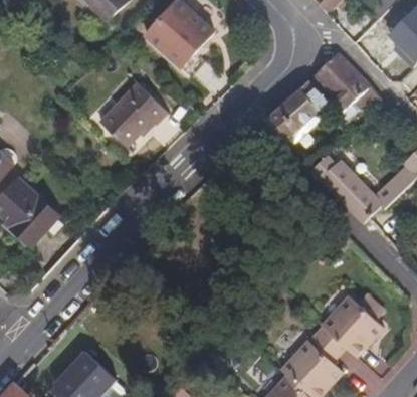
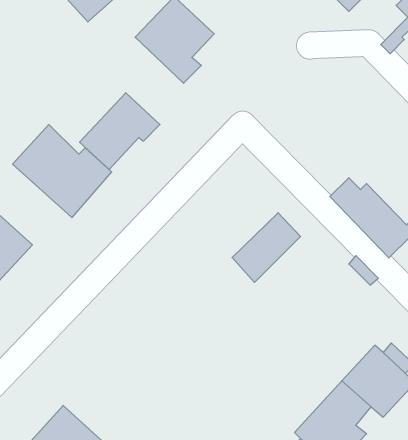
building: [314,51,369,107] -> none
building: [266,82,325,142] -> [232,213,301,282]
building: none -> [13,125,112,218]

